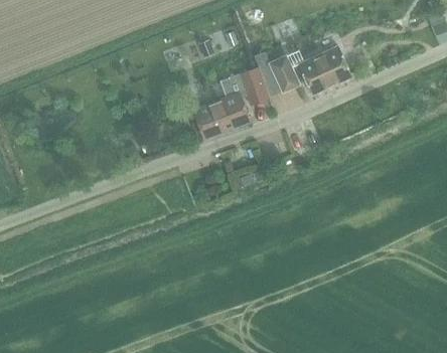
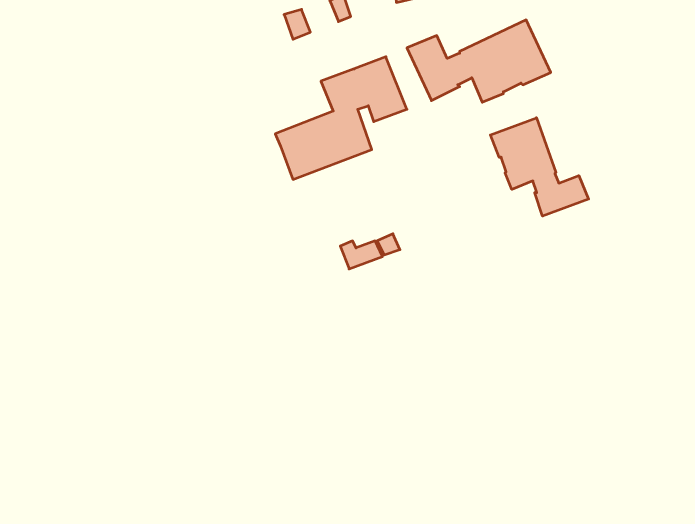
building: none -> [490,118,589,216]

